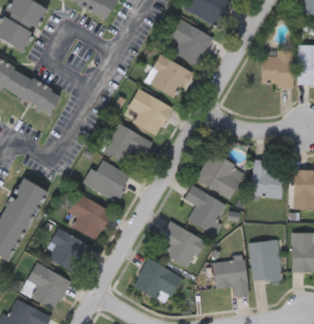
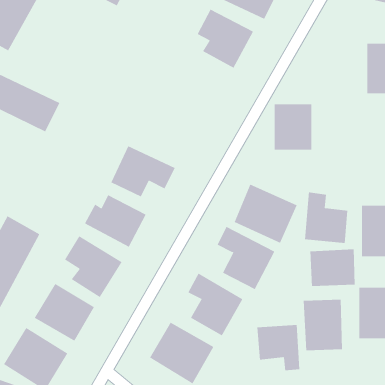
building: [262,51,292,86] -> [274,104,312,150]
building: [145,54,191,99] -> none
building: [128,89,171,137] -> none
building: none -> [310,248,355,287]

